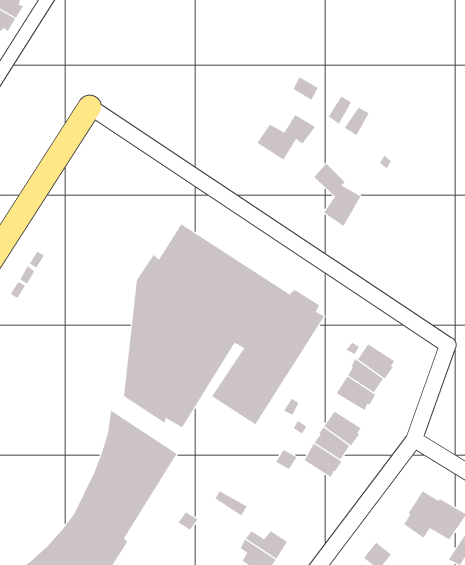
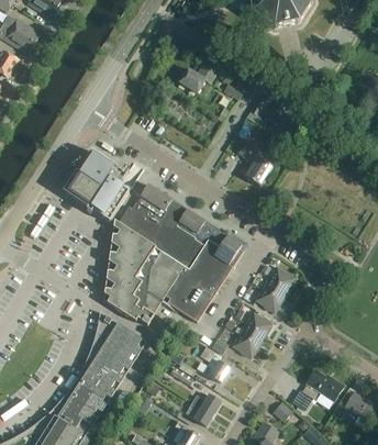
building: [257,114,316,161] -> [178,62,219,93]
building: none -> [62,151,127,222]
building: none -> [200,346,229,382]

